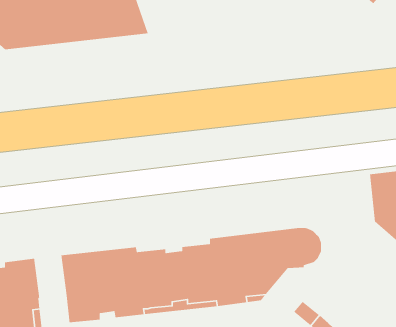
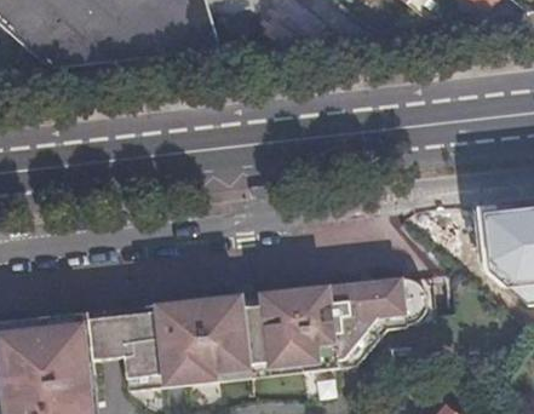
building: none -> [87,307,124,360]

